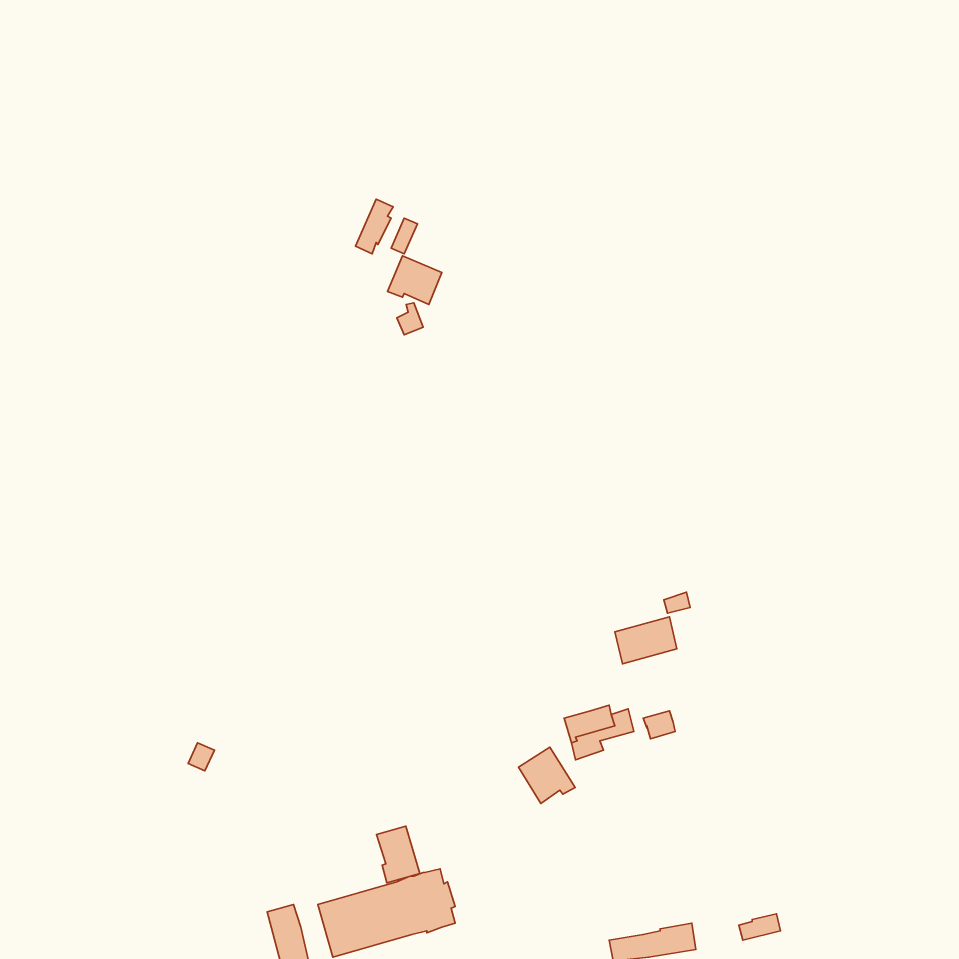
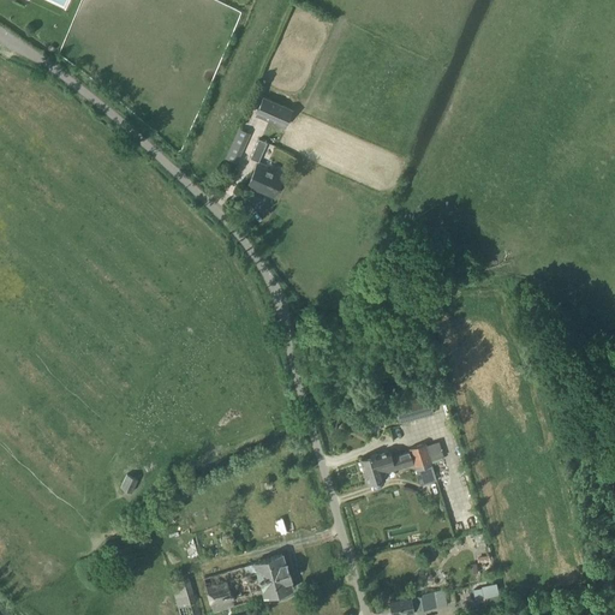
building: none -> [256,98,293,130]
building: none -> [402,441,444,468]
building: [518,747,575,803] -> none
building: [377,826,420,883] -> none

